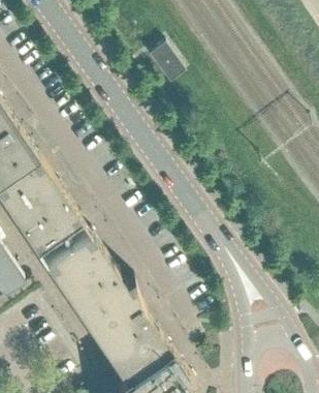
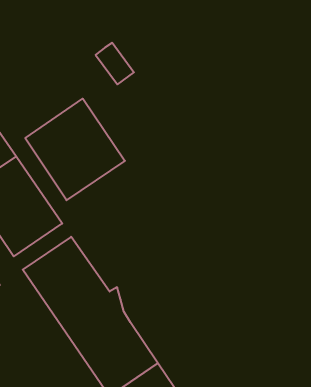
building: [149,44,185,84] -> [96,43,134,84]
building: none -> [25,99,125,200]

